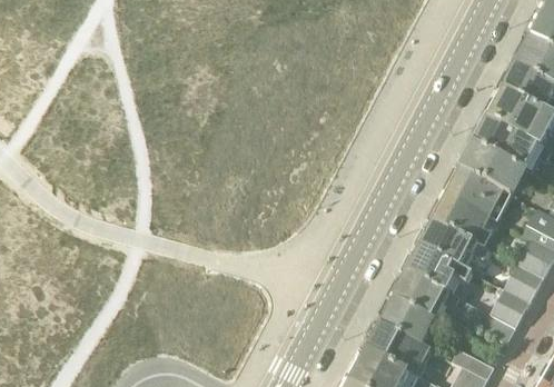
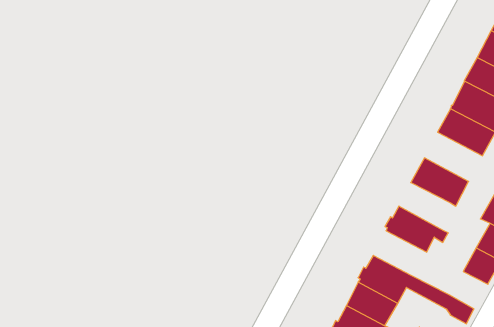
building: [462,145,527,198] -> none
building: [435,197,488,247] -> none
building: [408,247,472,294] -> none
building: [487,289,527,328] -> none

